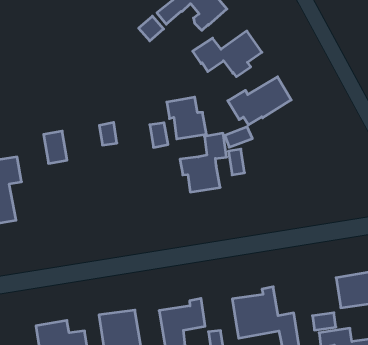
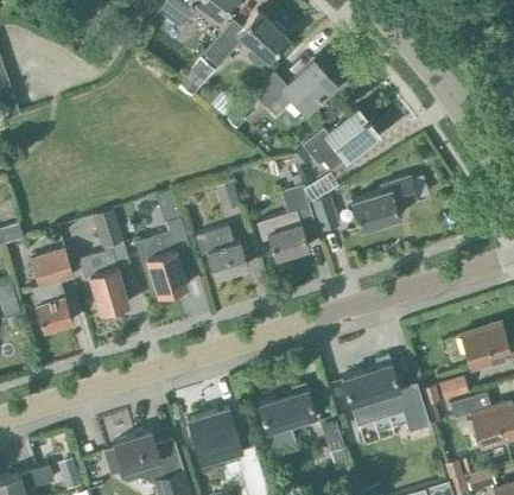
building: [167,97,206,139] -> [196,227,248,279]
building: none -> [351,178,418,230]
building: none -> [135,233,188,297]
building: none -> [78,250,128,315]

